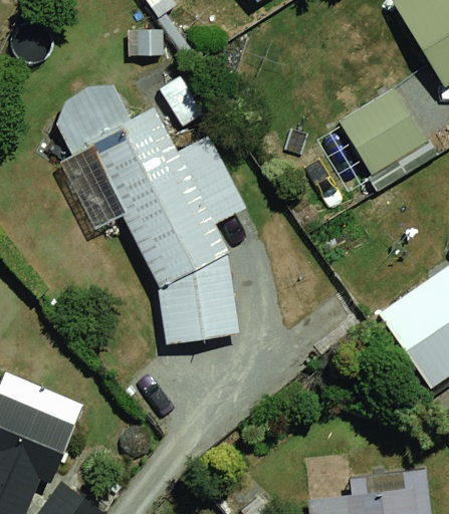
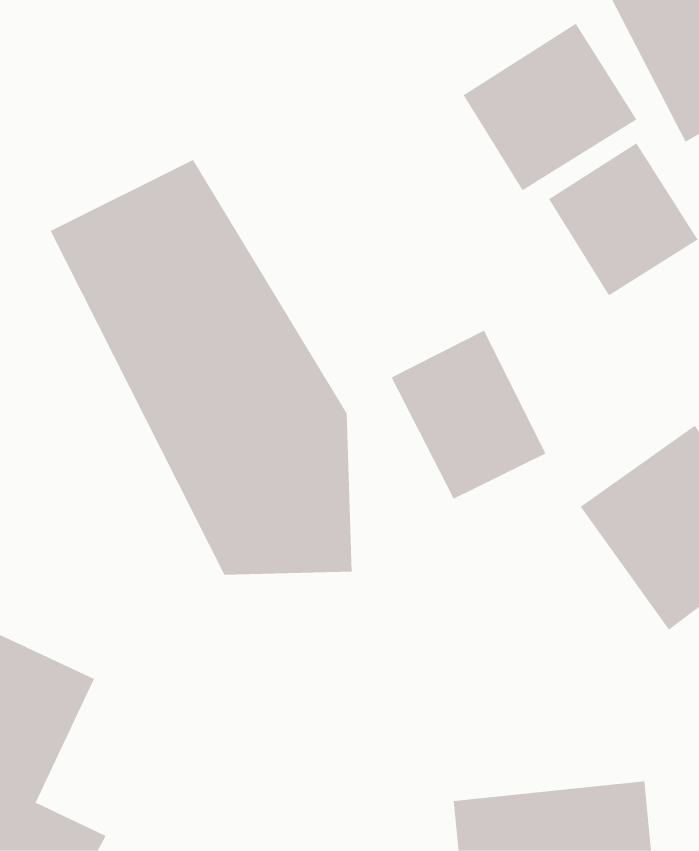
building: none -> [463,23,637,191]
building: none -> [391,330,546,500]

